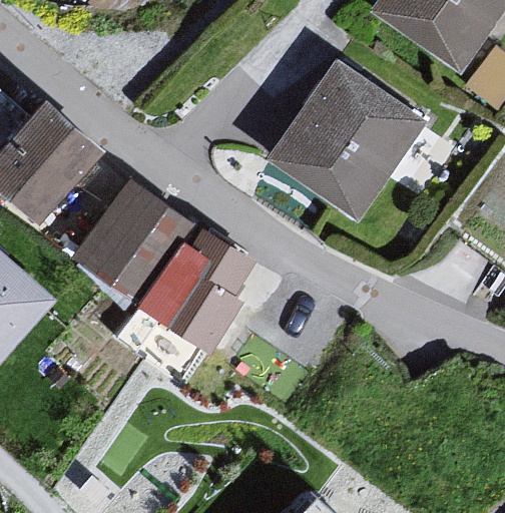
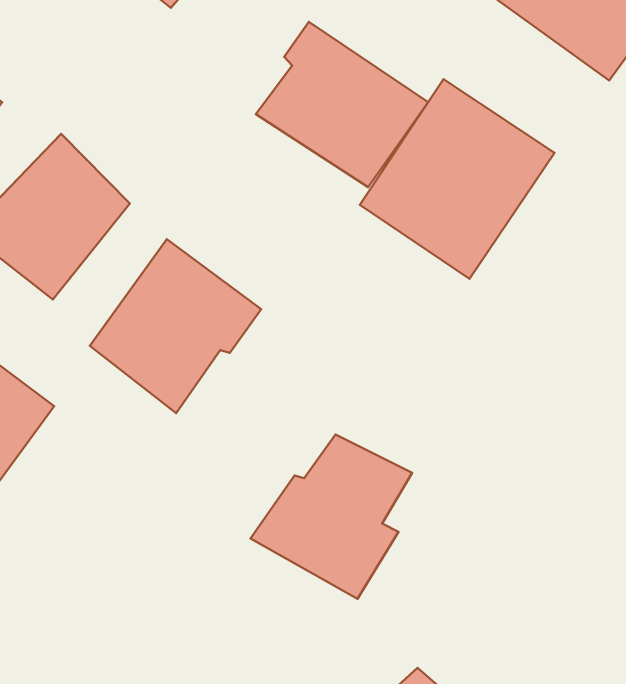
building: none -> [256,22,428,187]
building: [135,232,254,353] -> [251,434,412,599]

